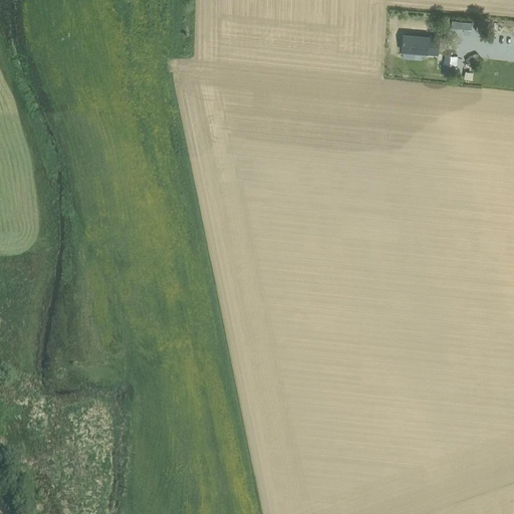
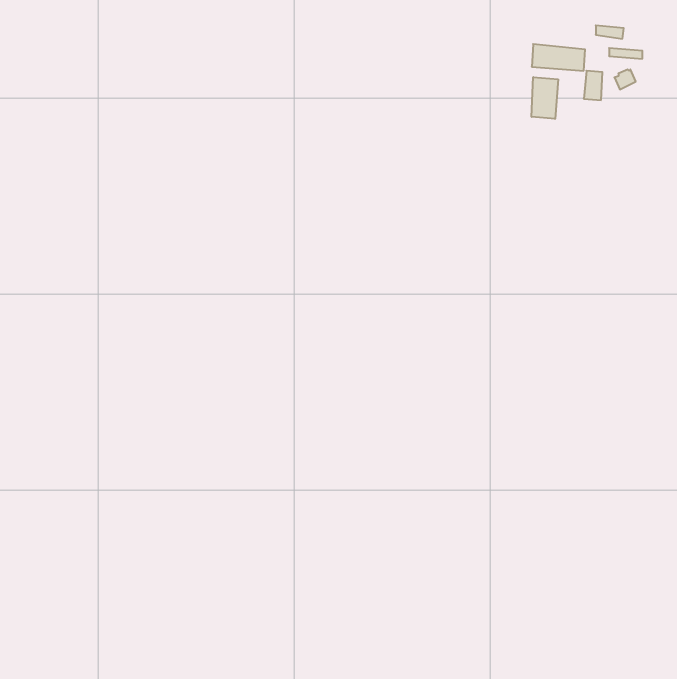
building: none -> [532,77,558,119]

